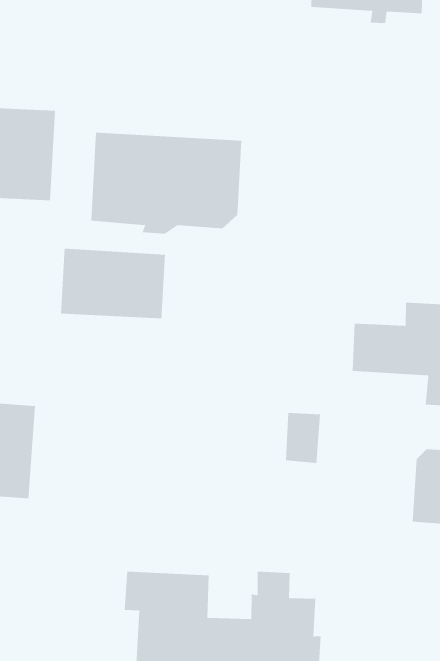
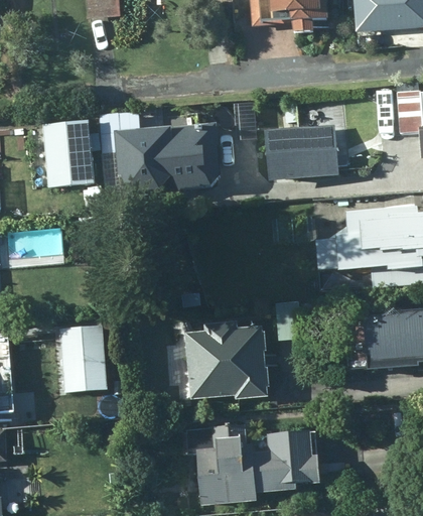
building: none -> [267,124,340,180]
building: [60,248,166,319] -> none
building: none -> [184,321,270,400]

